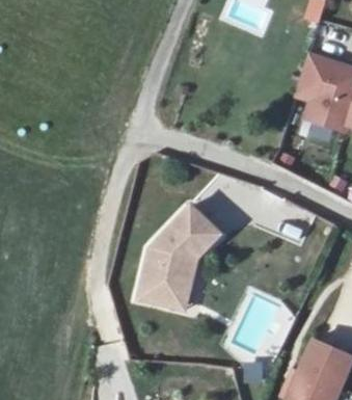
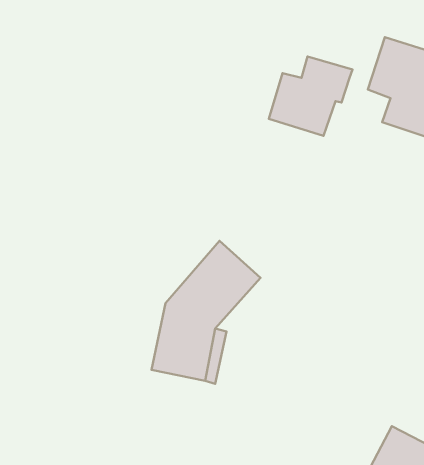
building: none -> [269,56,352,136]

